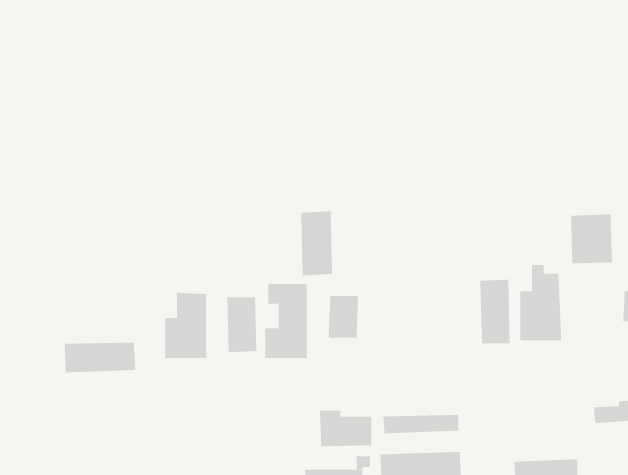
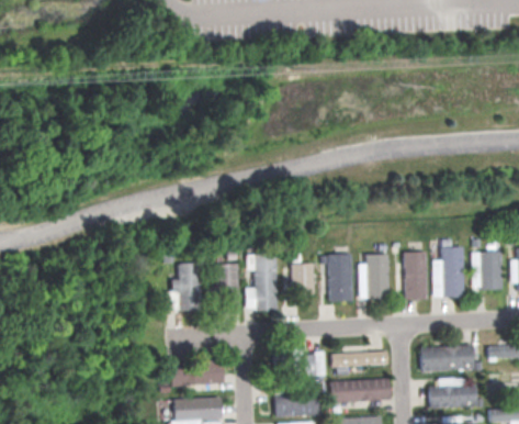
building: [300,211,333,276] -> [328,253,352,301]
building: [570,214,613,264] -> [472,252,504,289]
building: none -> [359,254,390,298]
building: [64,342,136,373] -> [169,362,223,386]
building: none -> [421,345,474,370]

